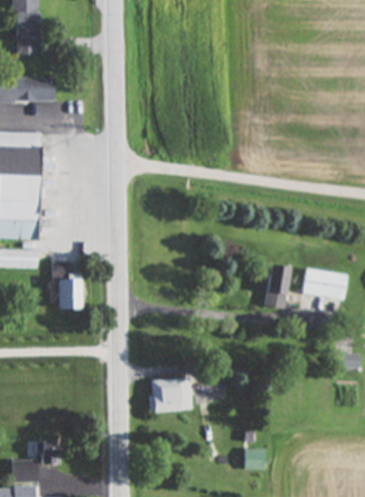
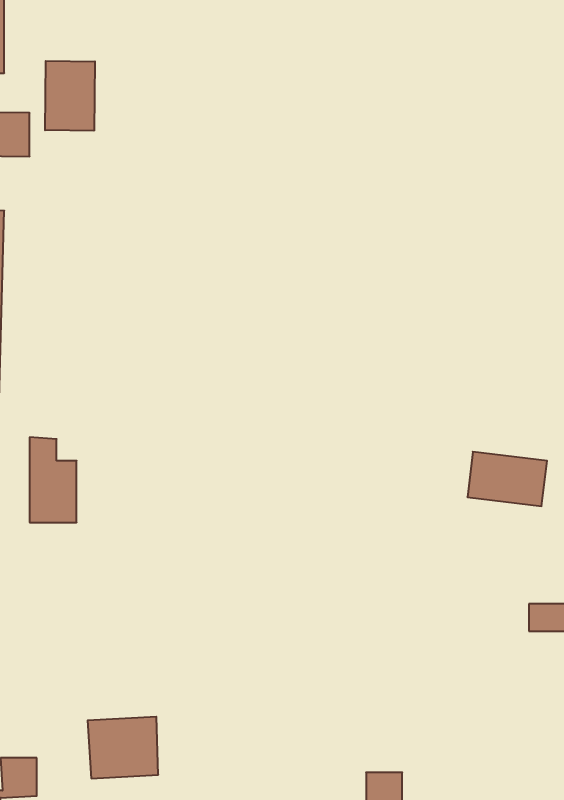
building: none -> [45,61,95,131]
building: [266,265,288,309] -> none
building: [151,378,191,413] -> [88,717,158,778]

